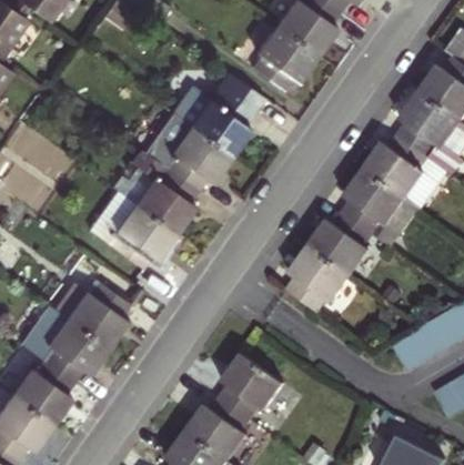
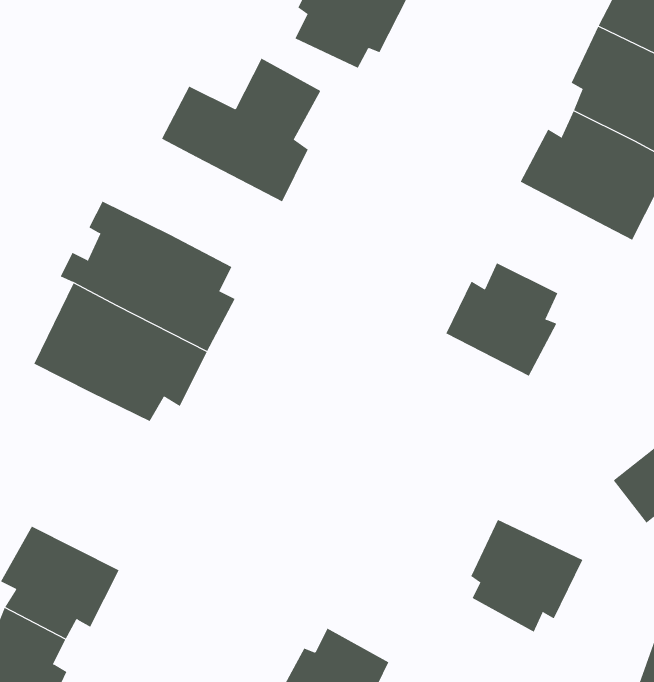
building: [165,128,230,191] -> none
building: [342,170,418,249] -> none
building: [285,246,350,313] -> none
building: [63,282,127,347] -> none
building: [216,356,281,422] -> [470,519,583,632]

